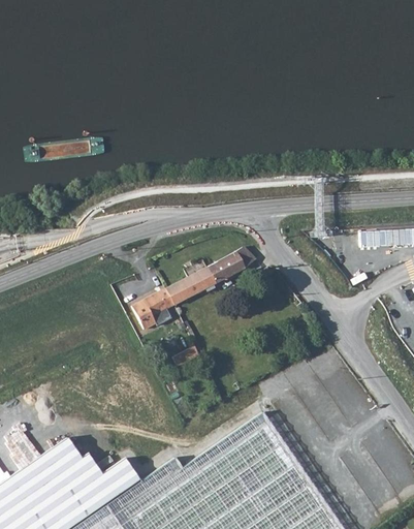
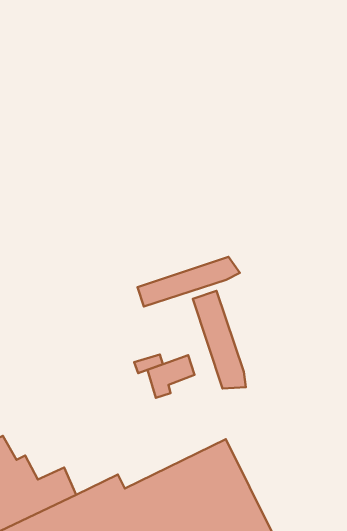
building: none -> [193,291,246,389]
building: [131,288,173,331] -> [147,355,194,398]

